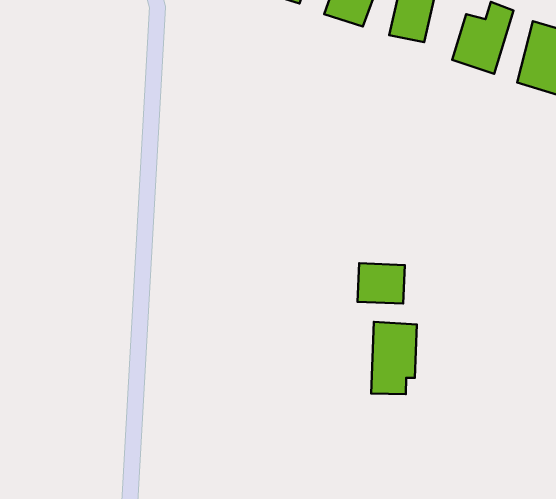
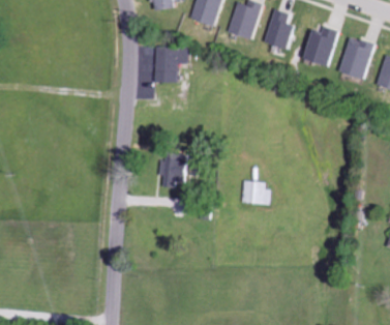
building: none -> [159,47,192,82]
building: none -> [166,153,192,187]
building: [371,322,417,394] -> none

